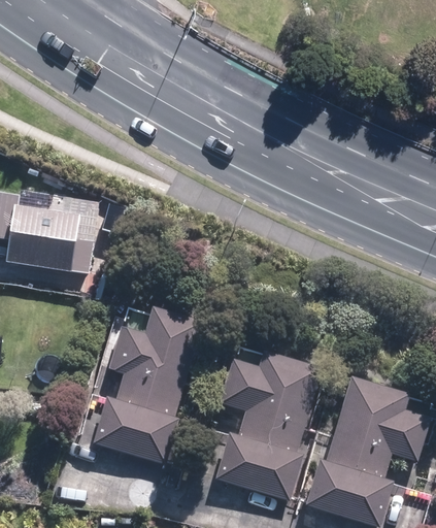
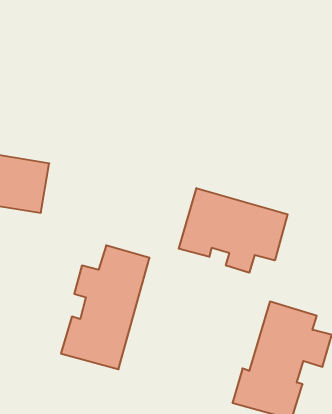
building: none -> [179,188,288,273]
building: [217,353,323,498] -> none

